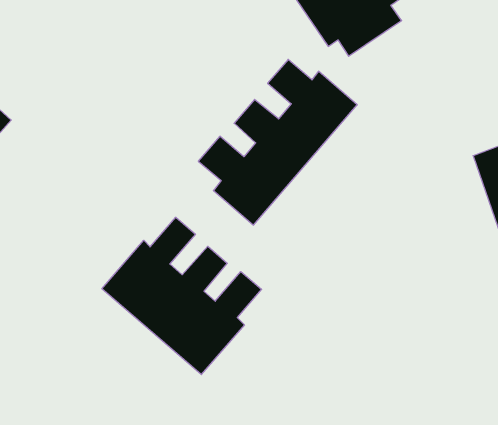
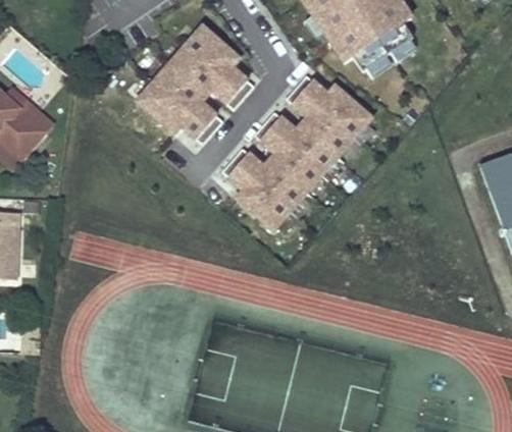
building: none -> [137,24,253,143]
building: [102,217,262,375] -> none

